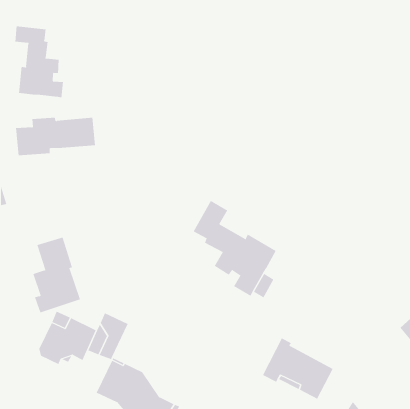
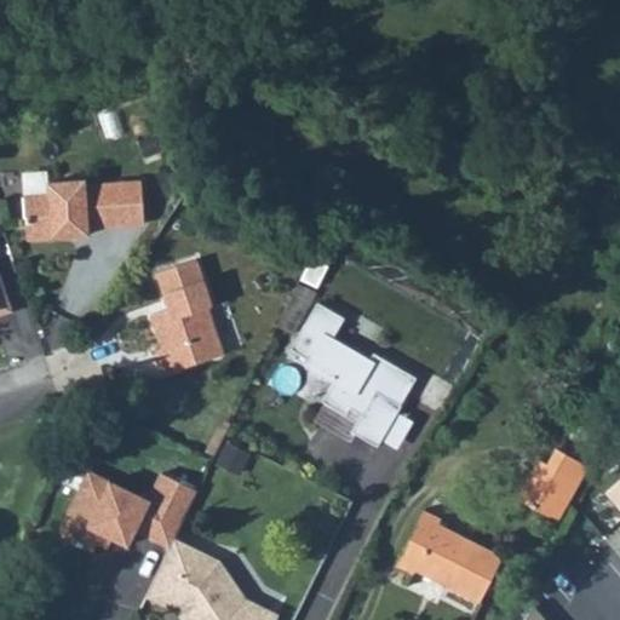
building: [15,26,63,98] -> none
building: [33,237,81,313] -> [149,259,222,374]
building: none -> [519,449,591,523]

